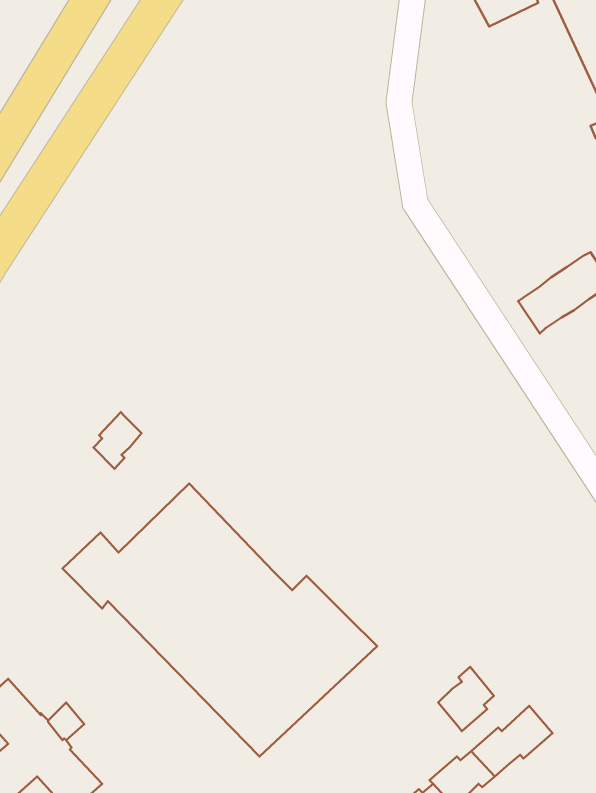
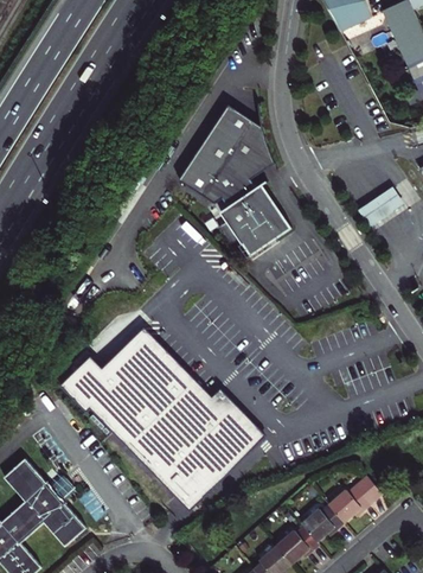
building: none -> [179,106,290,255]
building: [94,412,142,469] -> none
building: [438,667,494,731] -> none

